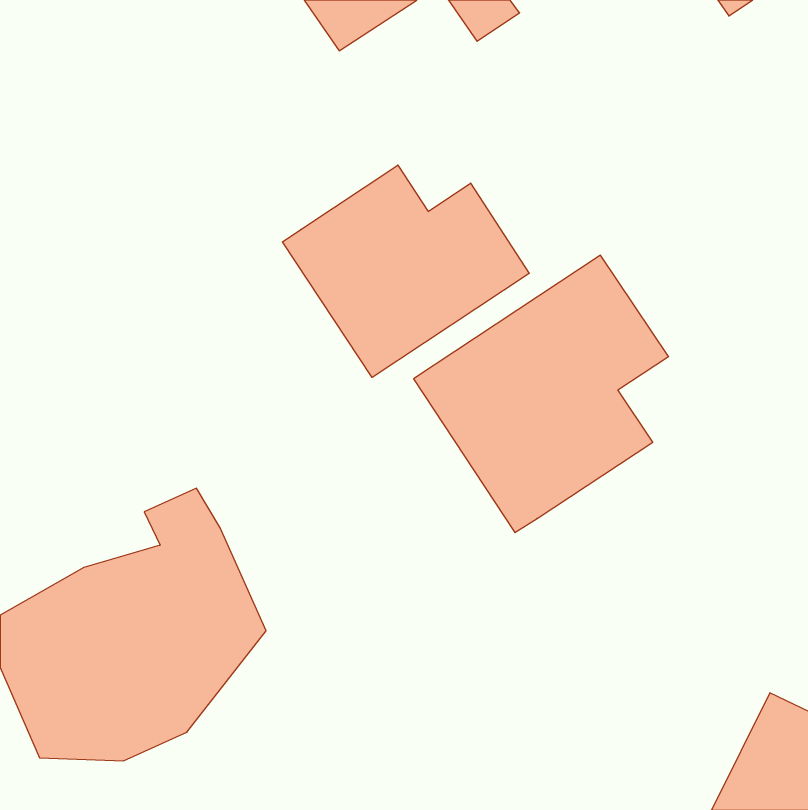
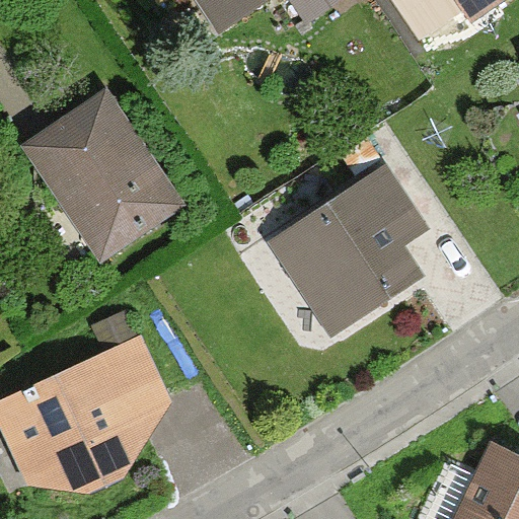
building: none -> [19,85,183,263]
building: [282,165,529,377] -> none

